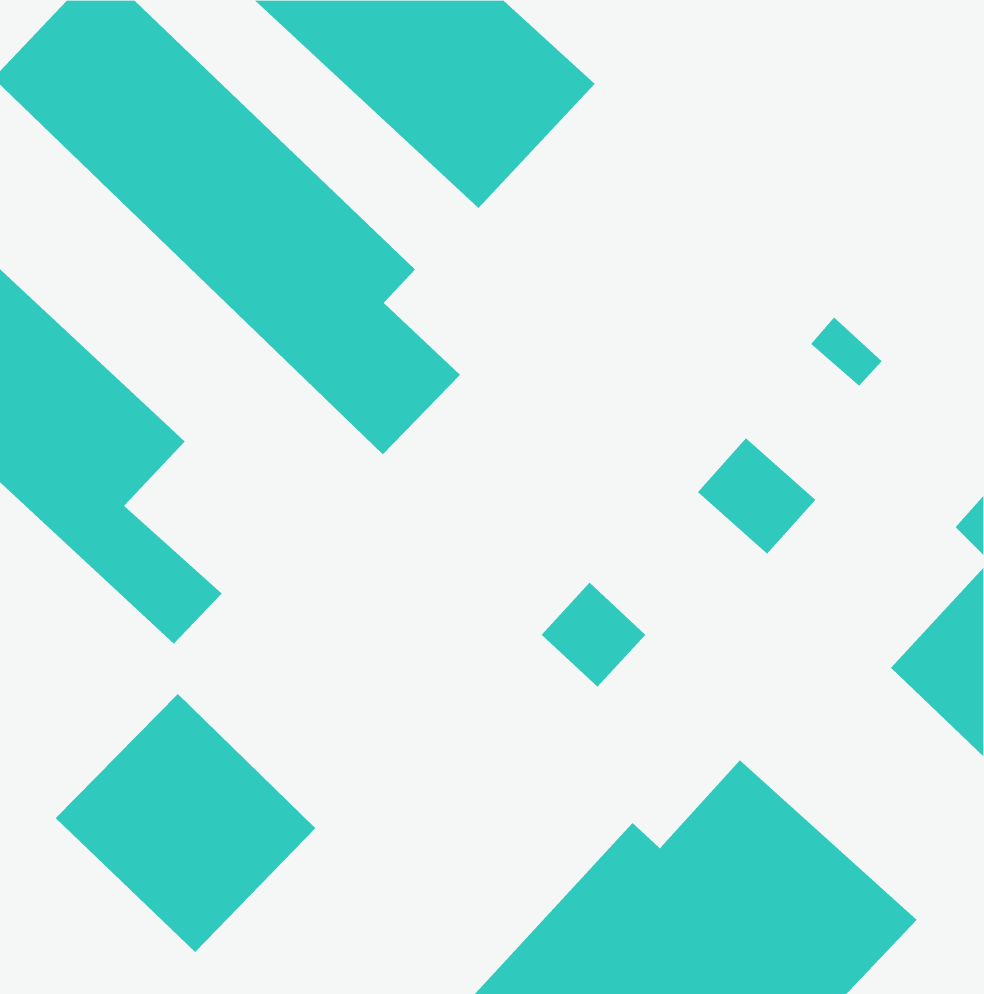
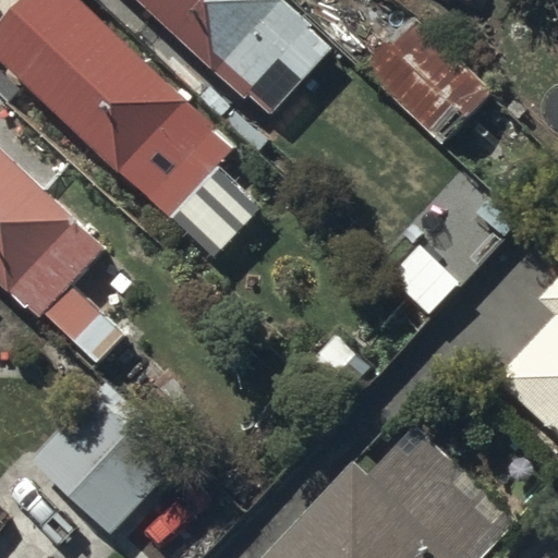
building: none -> [362,14,490,142]

